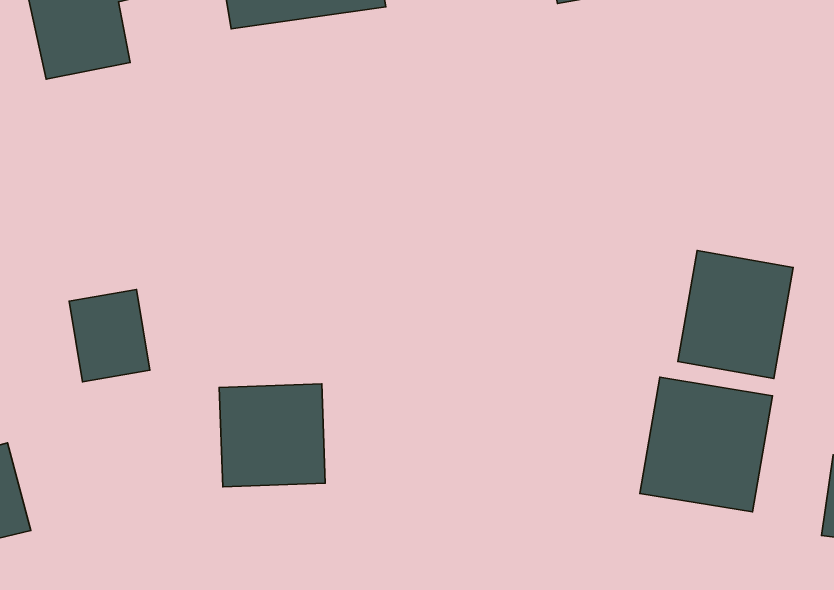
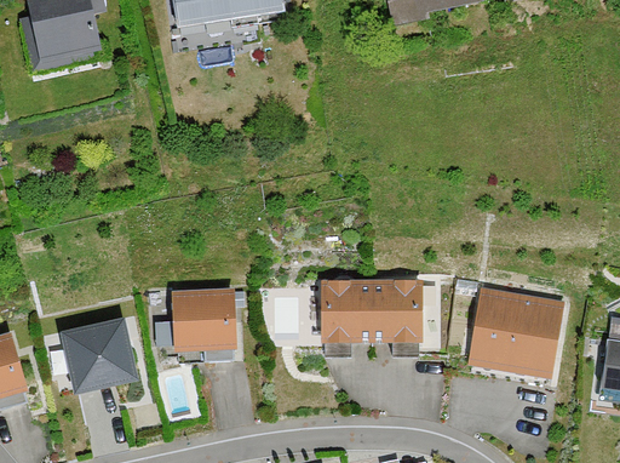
building: [678,251,793,378] -> none
building: [69,289,150,382] -> [67,320,125,387]
building: none -> [320,279,424,343]

